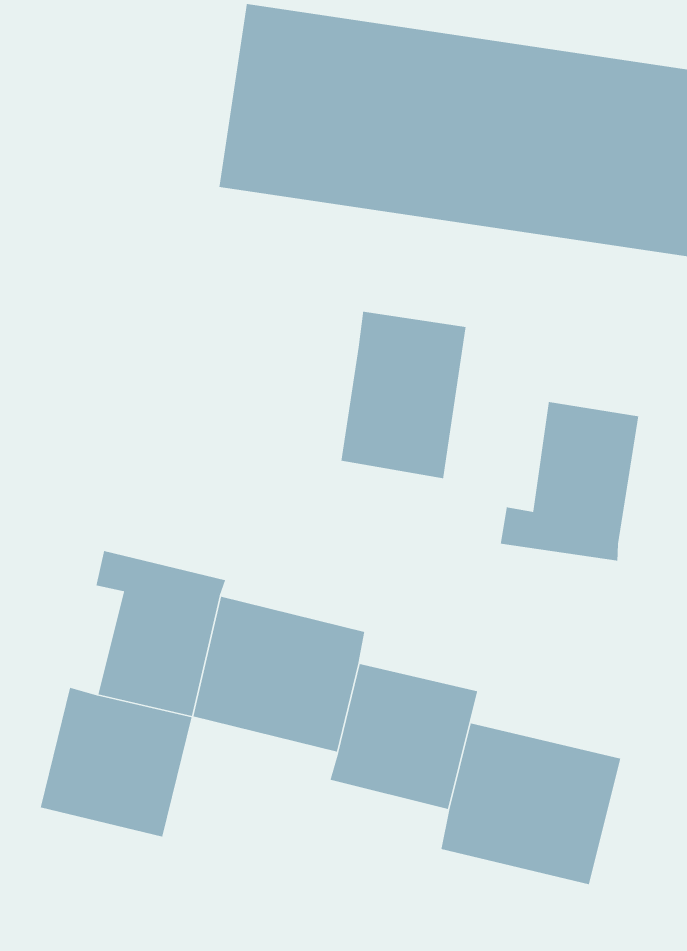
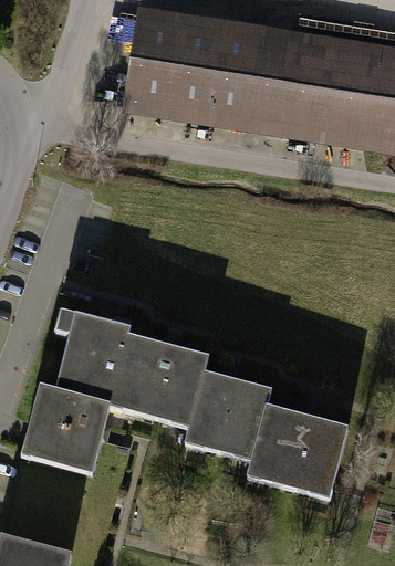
building: [341,311,467,479] -> none
building: [500,401,639,562] -> none

